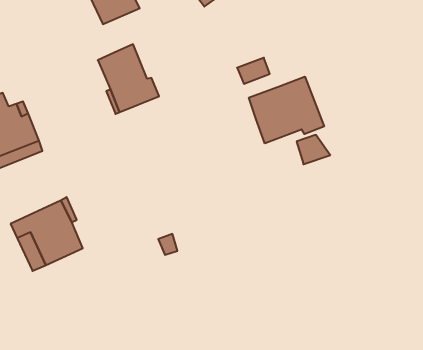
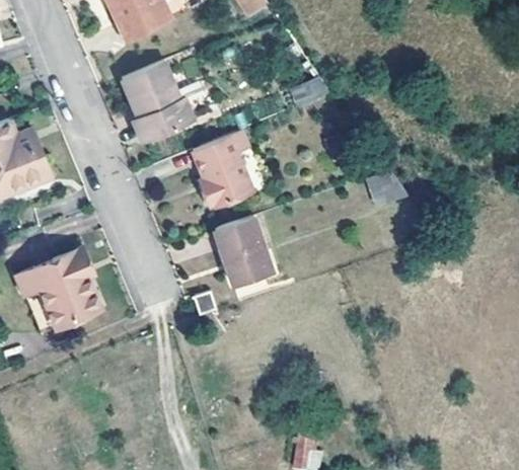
building: [249,77,324,143] -> none
building: none -> [191,130,249,205]
building: none -> [214,214,274,285]

